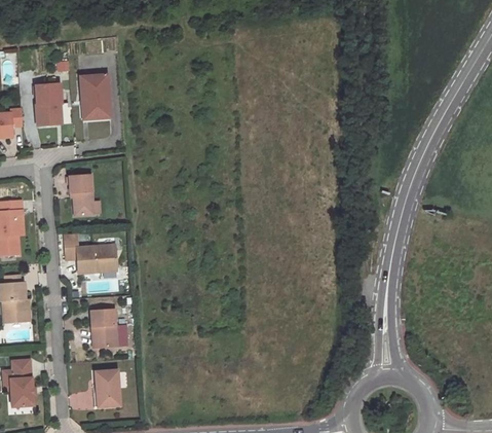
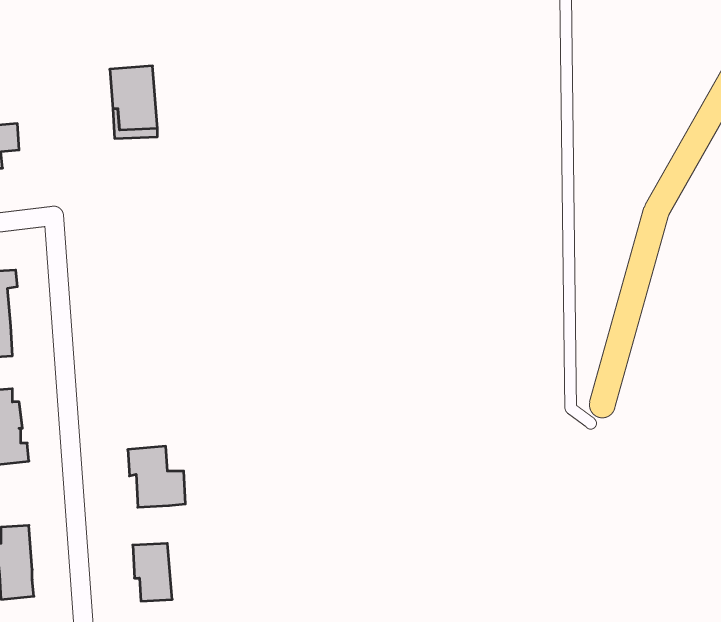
building: [35,83,62,125] -> none
building: [68,176,93,217] -> none
building: [64,237,116,276] -> none

